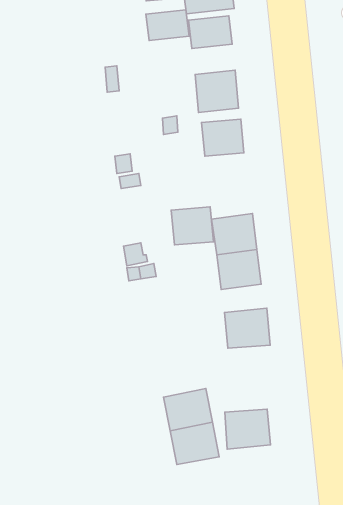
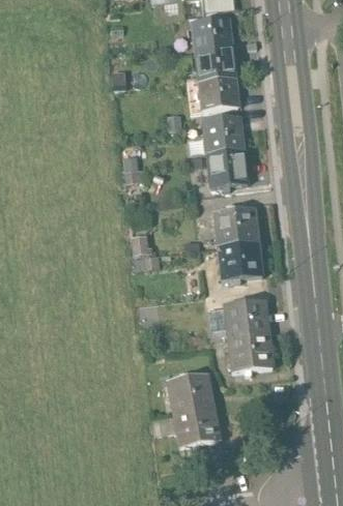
building: [146,10,189,40] -> [194,44,235,73]
building: [171,207,214,245] -> [206,148,247,184]
building: [225,409,271,449] -> [228,331,271,369]

